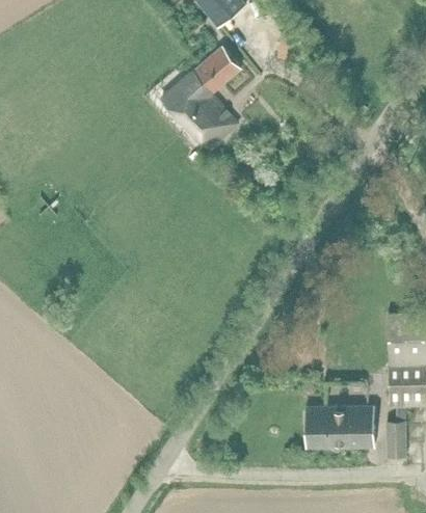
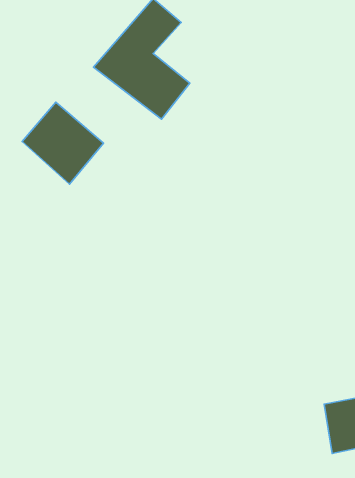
building: none -> [22,102,103,184]

